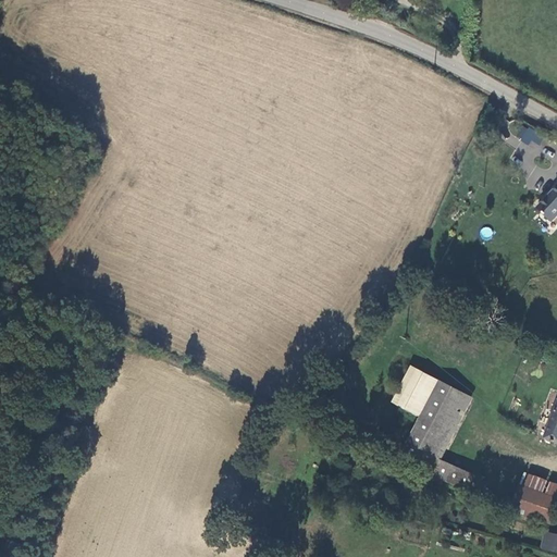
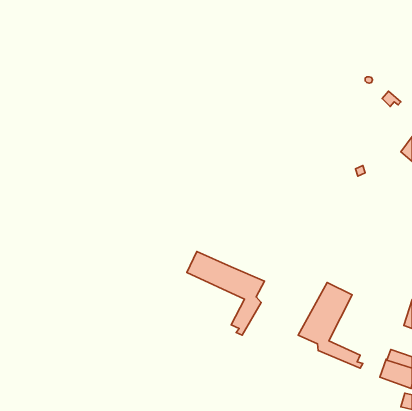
building: none -> [187,252,264,335]
building: [392,364,441,417] -> none

